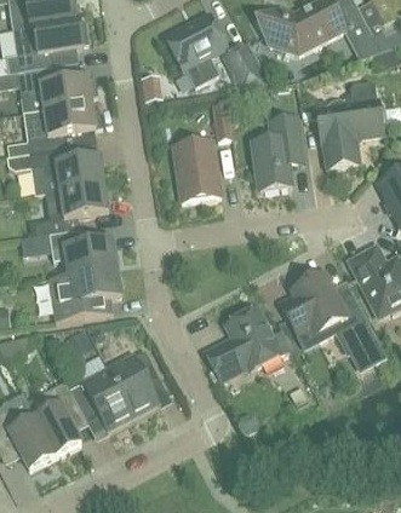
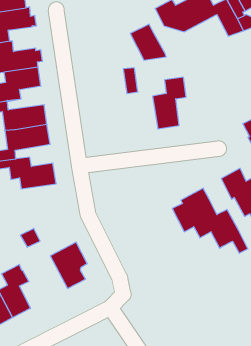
building: [165,12,225,85] -> none
building: [315,80,383,166] -> none
building: [172,137,219,200] -> none
building: [48,265,120,318] -> none
building: [205,306,297,377] -> none
building: [69,367,132,426] -> none

